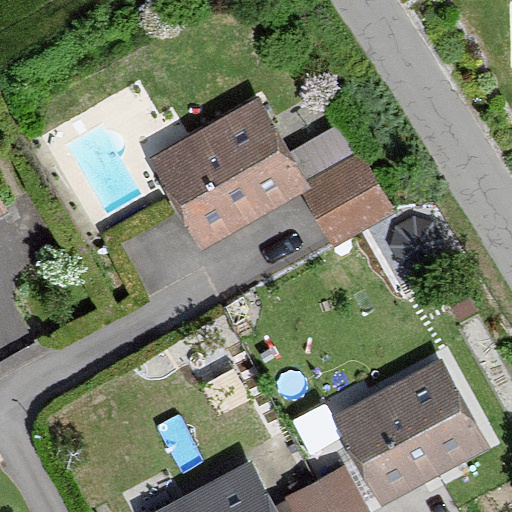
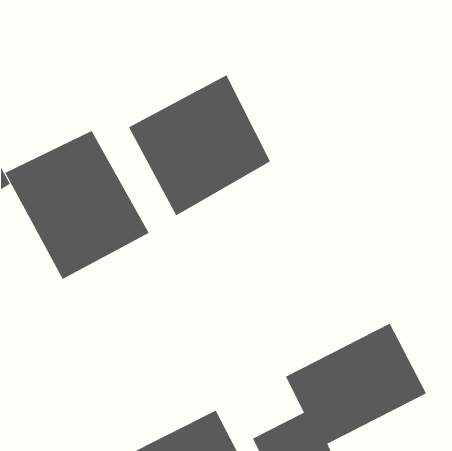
building: none -> [5,130,150,280]
building: [309,158,394,241] -> none

